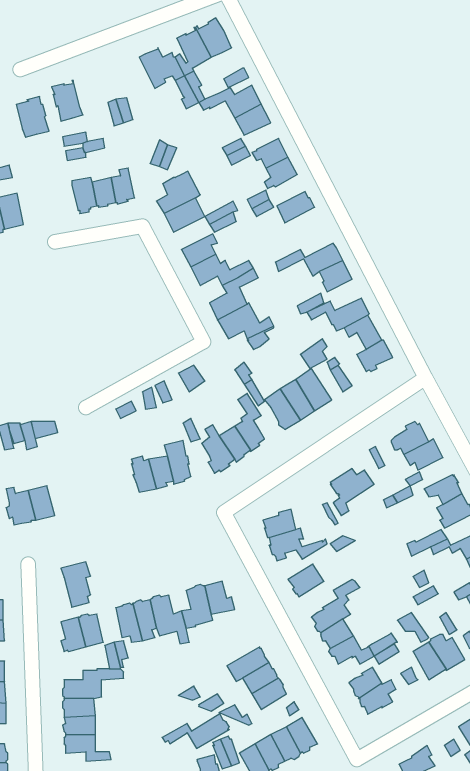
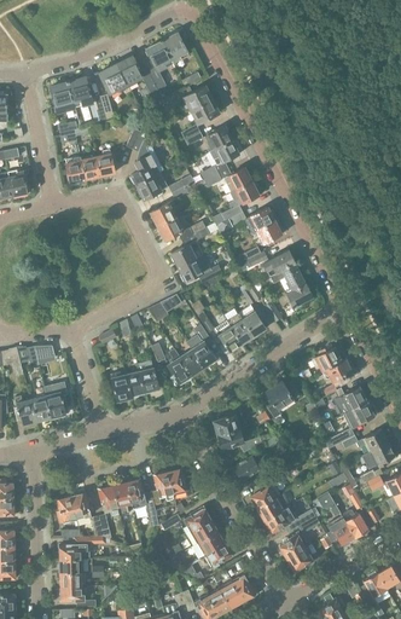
building: none -> [99,64,130,94]
building: [16,97,49,137] -> [66,77,92,109]
building: none -> [221,180,258,221]
building: [61,562,91,607] -> [43,383,66,418]
building: [162,714,229,748] -> [158,508,210,534]

